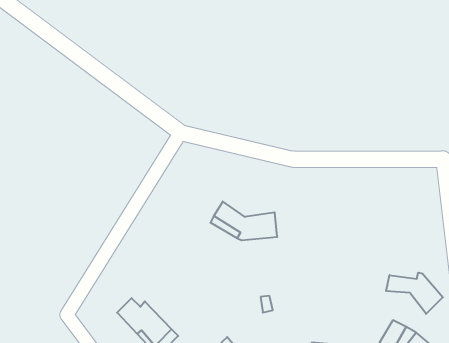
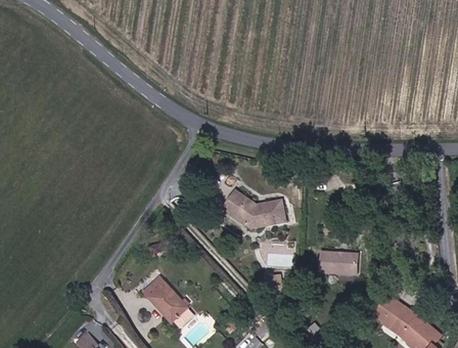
building: none -> [315,251,352,272]
building: [386,273,443,314] -> none

